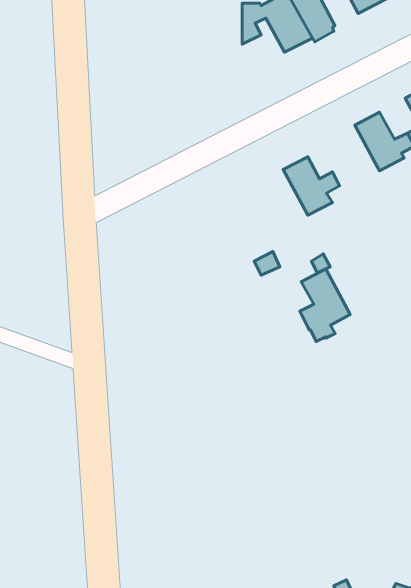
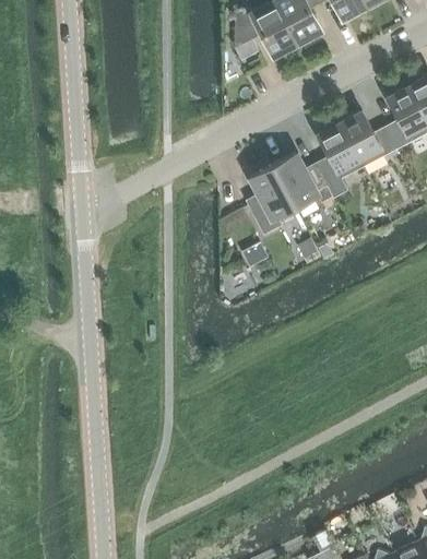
building: none -> [318,123,363,198]
building: [300,269,350,342] -> [249,166,296,234]

